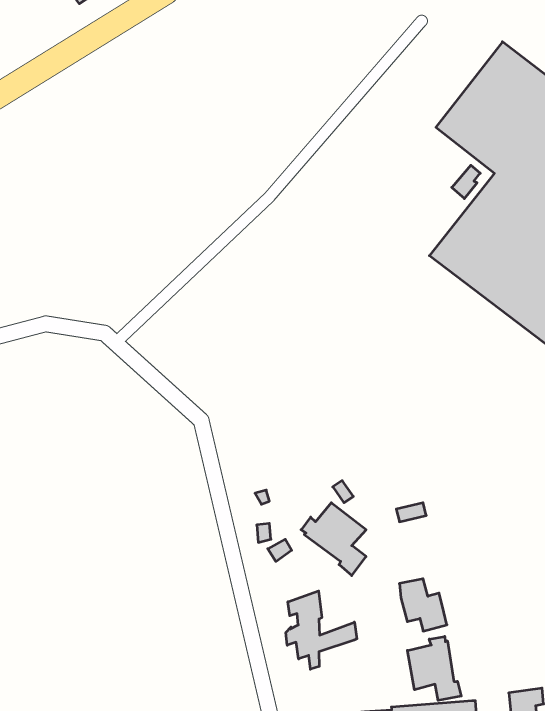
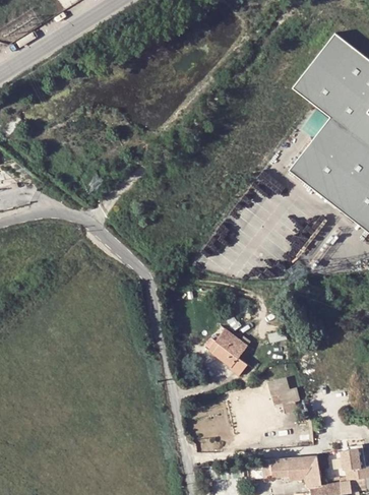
building: [286,591,357,669] -> none
building: [407,636,461,700] -> none

